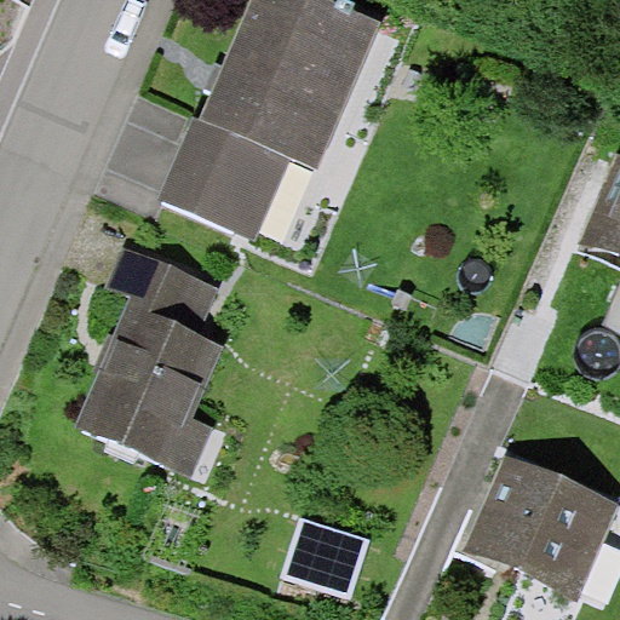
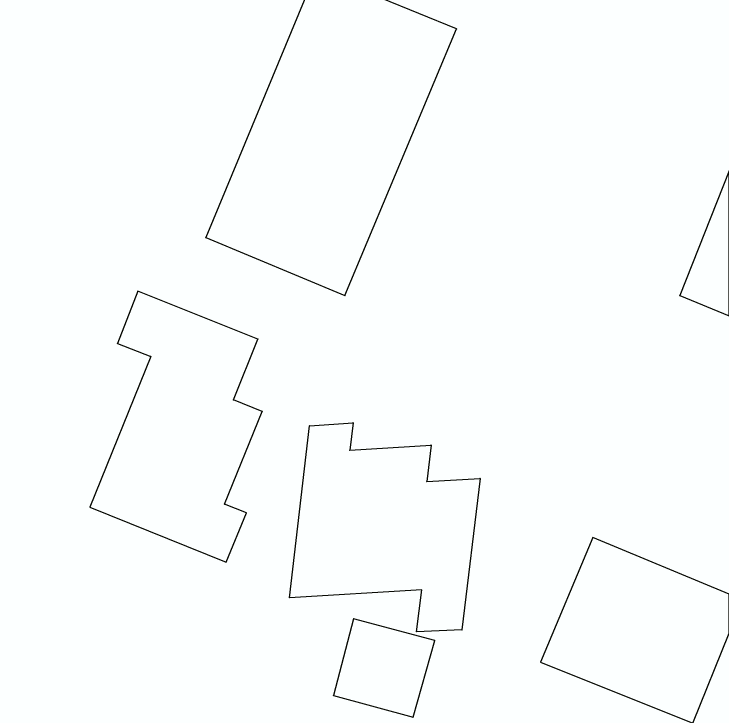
building: none -> [290,423,480,632]

